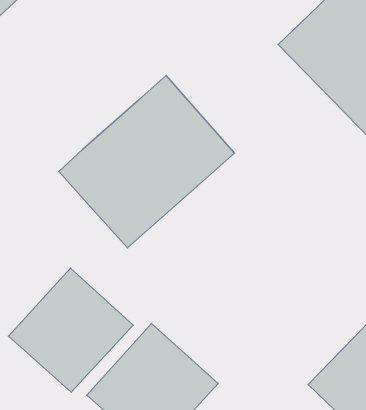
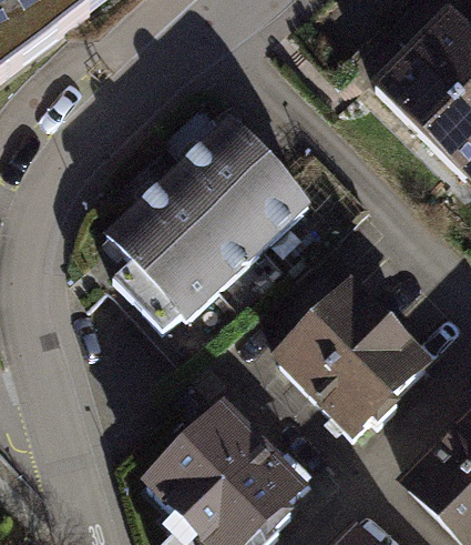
building: none -> [283,279,424,420]
building: [9,268,133,392] -> none

